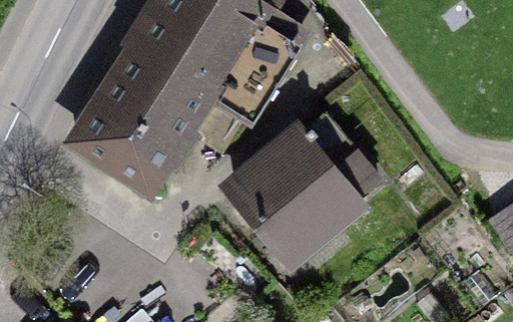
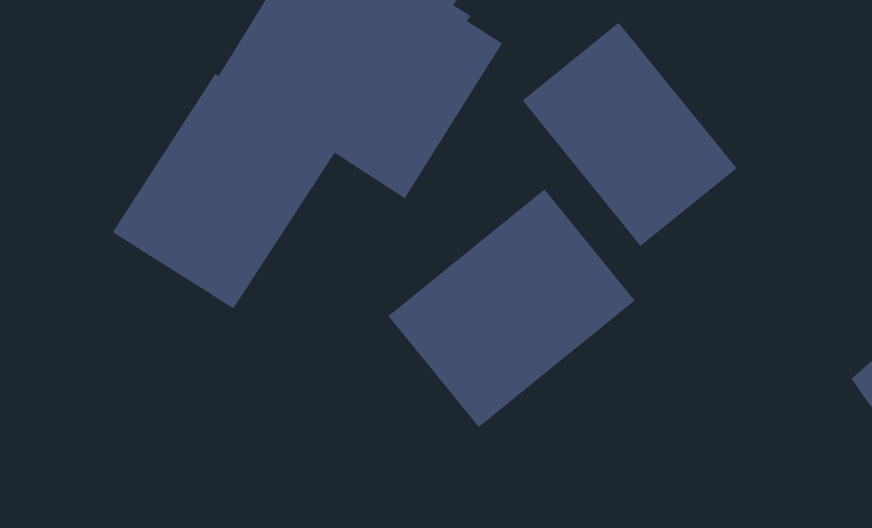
building: none -> [522,22,737,247]

